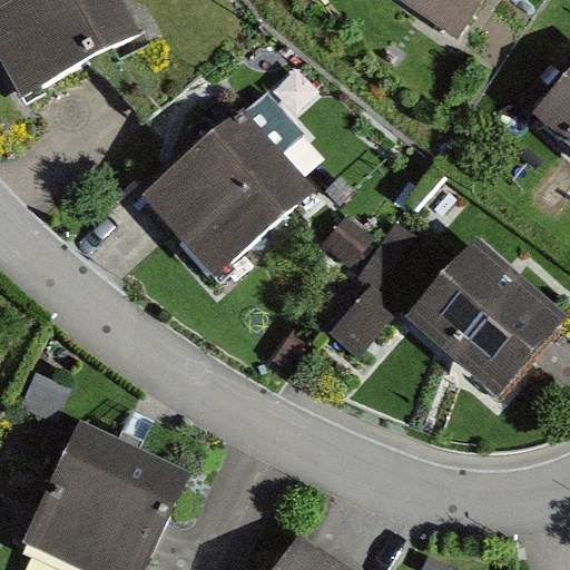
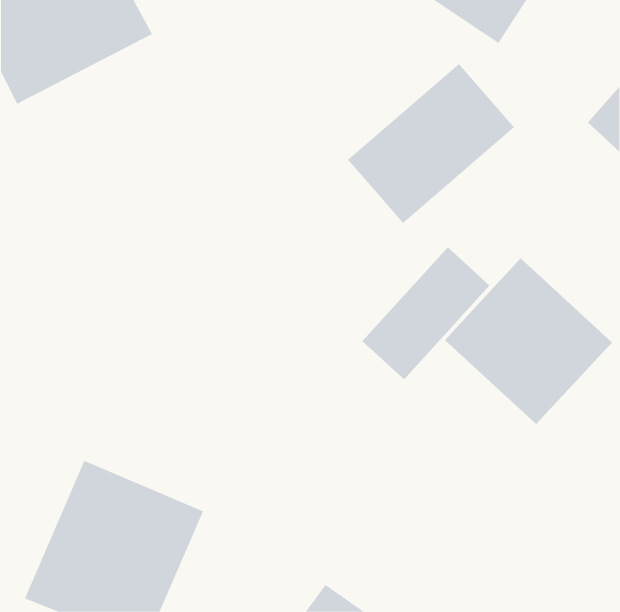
building: none -> [347,63,515,224]
building: [138,105,320,283] -> none

